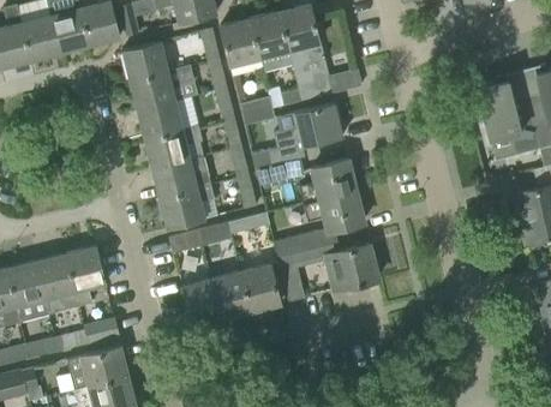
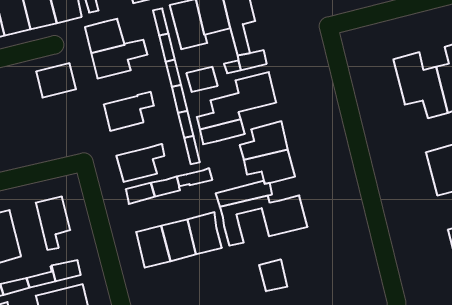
building: [137,100,182,139] -> [36,63,76,98]
building: [151,156,210,198] -> none
building: [36,252,79,313] -> none
building: none -> [259,259,287,291]

